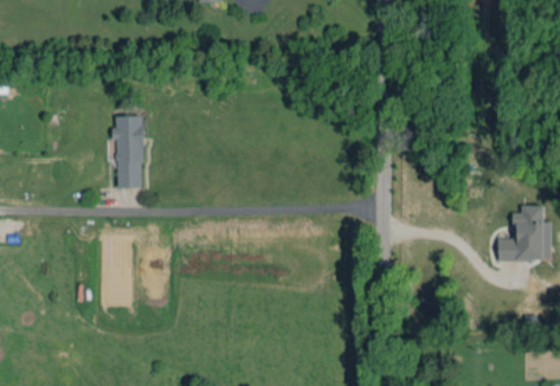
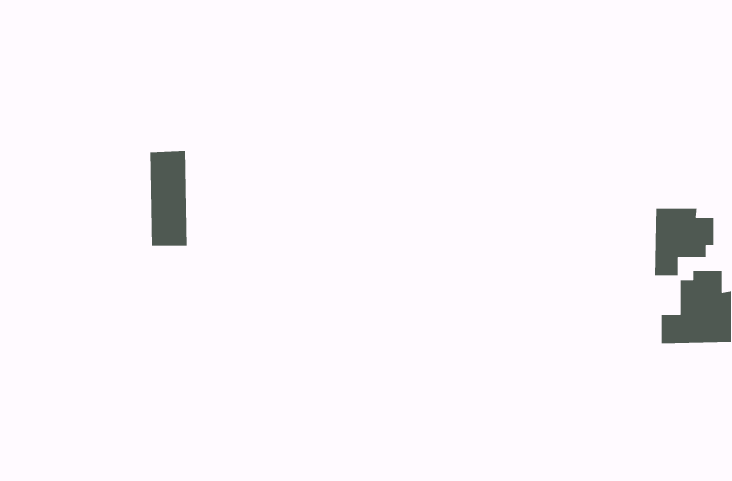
building: none -> [654,208,714,276]

